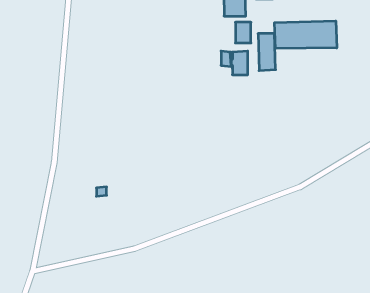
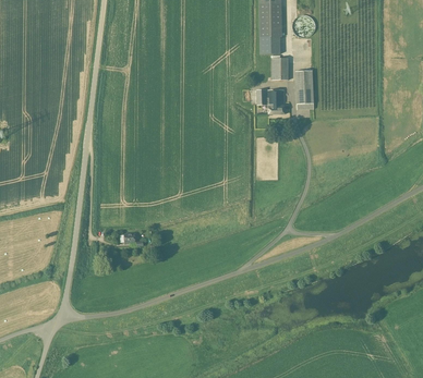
building: [275,21,337,48] -> none

